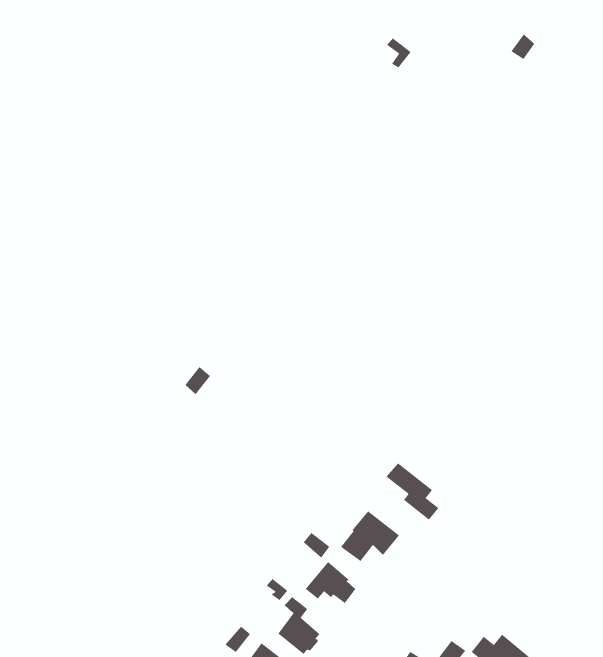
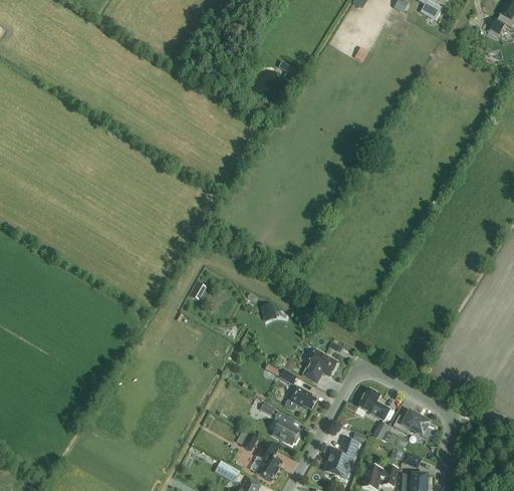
building: [386,462,439,520] -> none
building: none -> [356,388,390,421]

